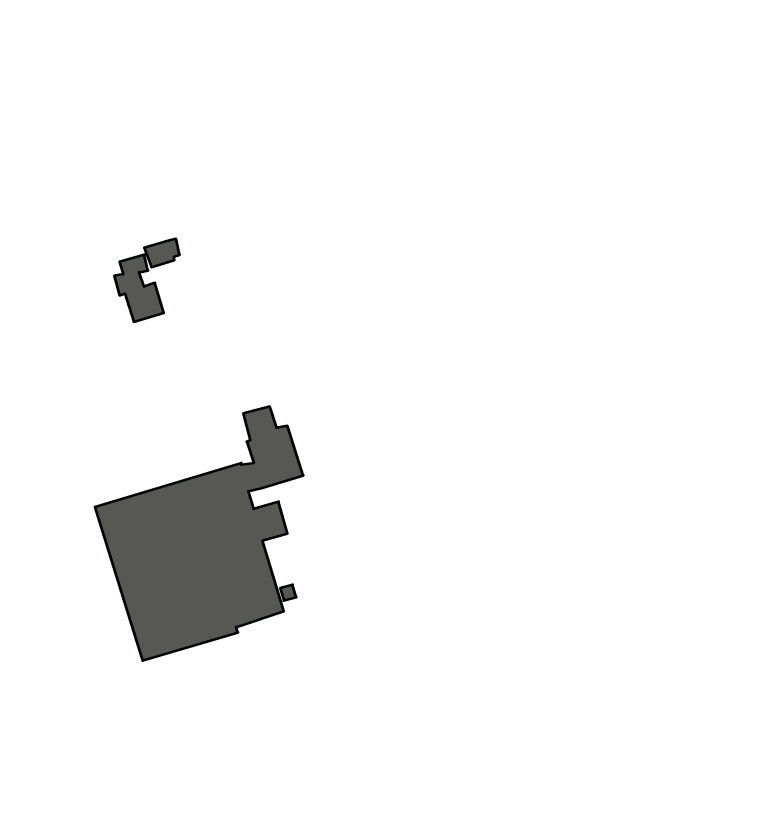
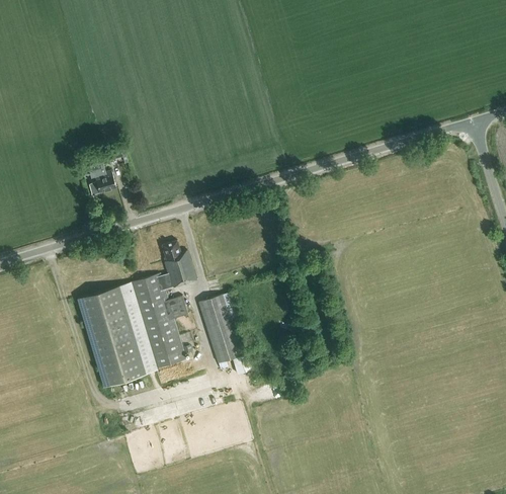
building: none -> [199,296,241,363]

